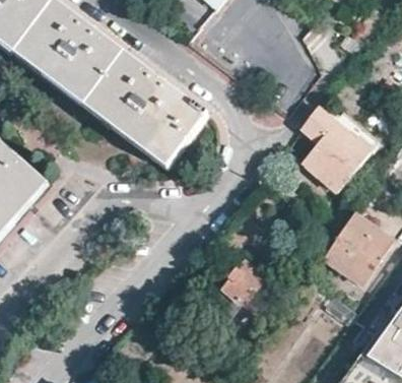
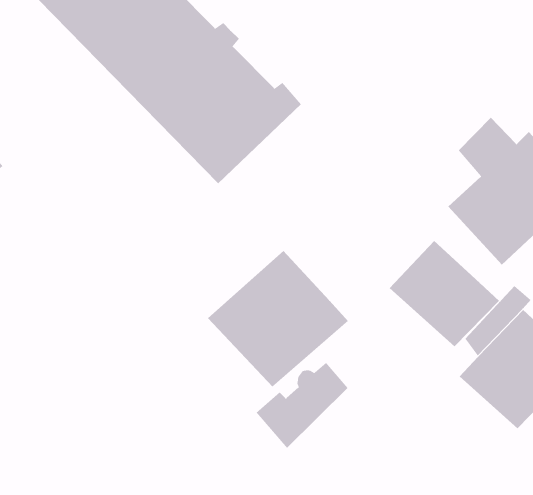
building: none -> [389,240,500,347]
building: none -> [207,250,349,388]

